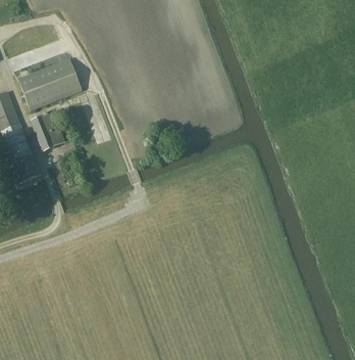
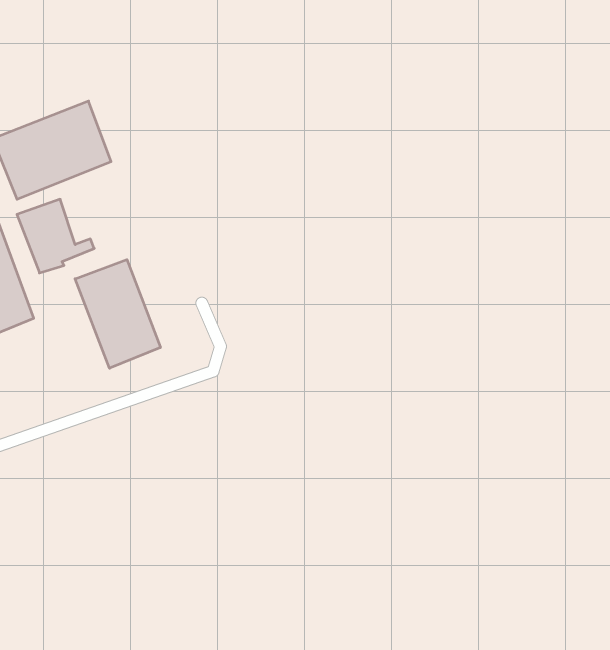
building: none -> [75,260,160,368]

